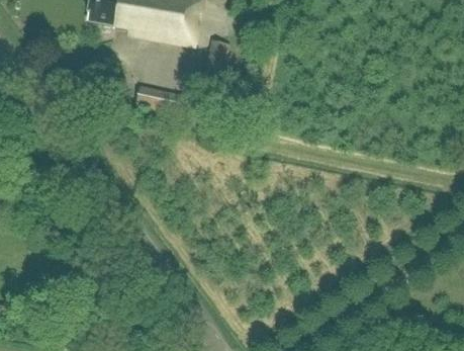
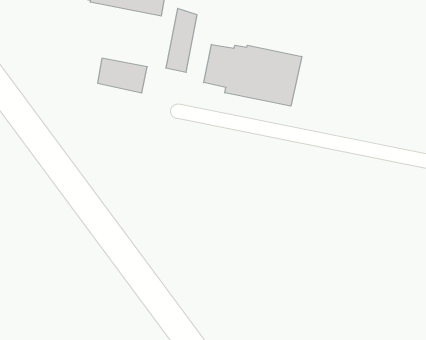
building: none -> [204,44,302,106]

